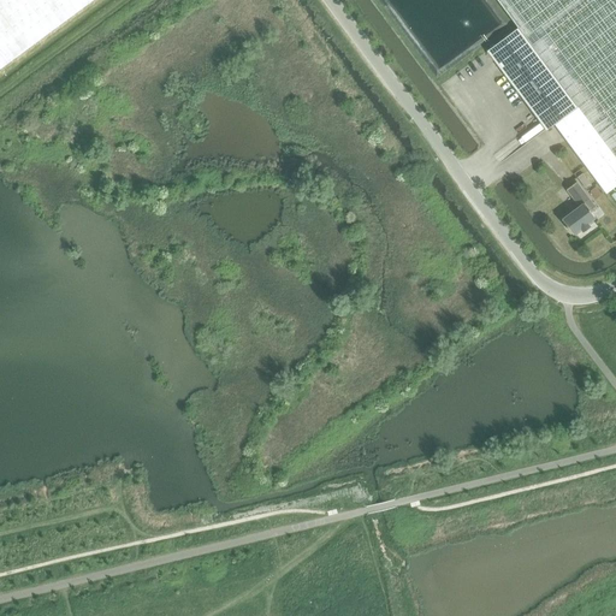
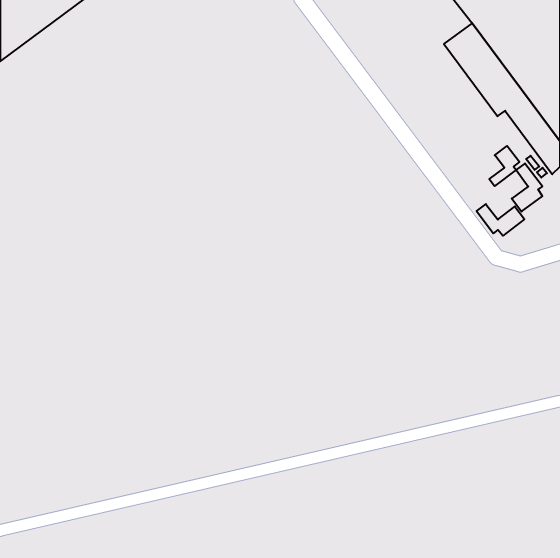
building: none -> [489,146,519,186]
building: none -> [477,204,524,236]

